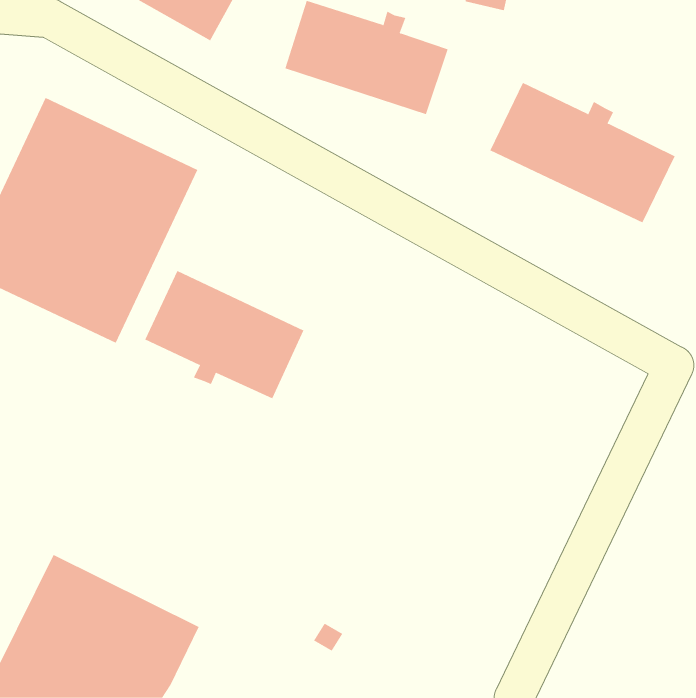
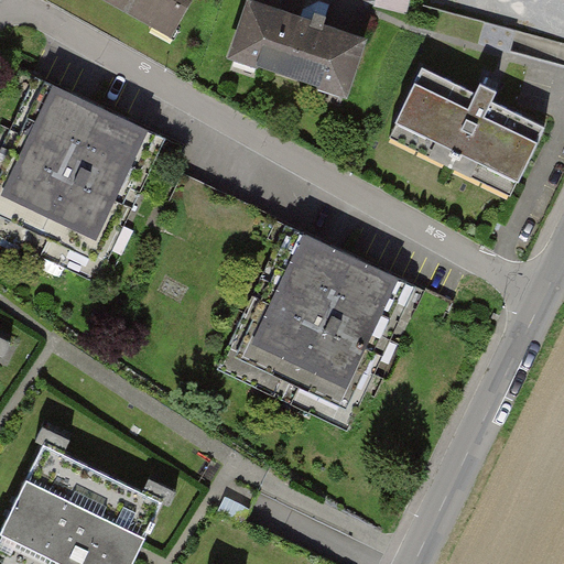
building: [144,270,304,399] -> none
building: none -> [221,227,411,426]

